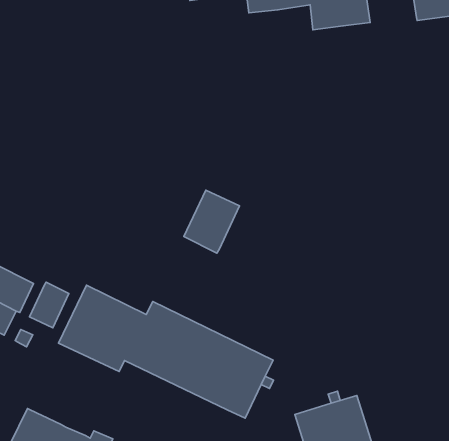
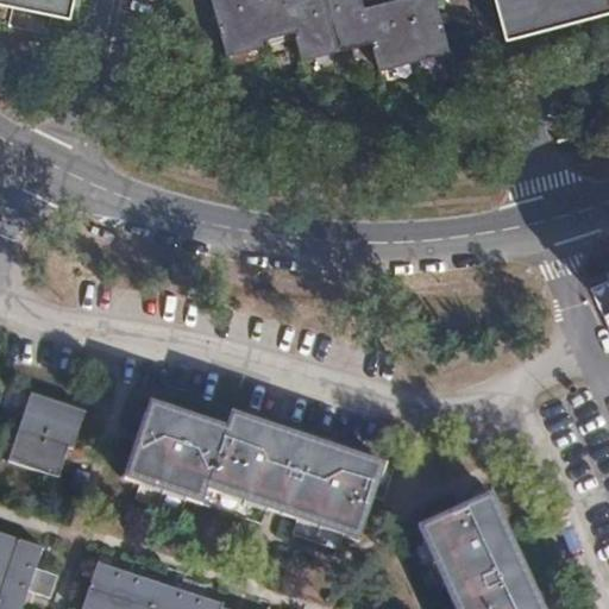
building: [184,190,239,253] -> none
building: [29,282,69,328] -> none

